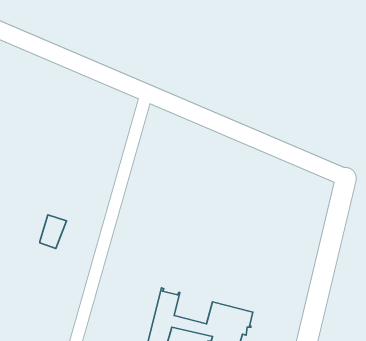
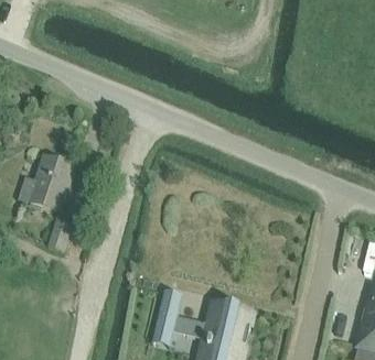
building: none -> [19,155,73,211]

